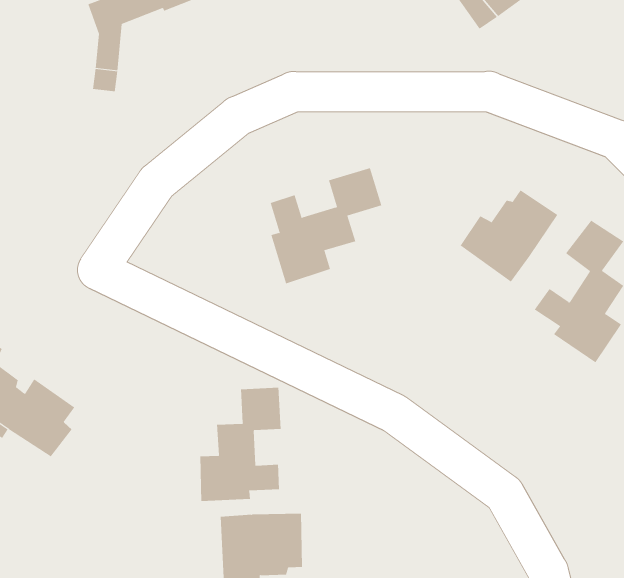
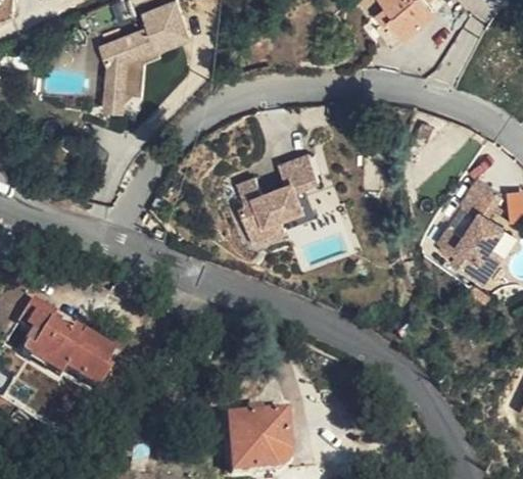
building: [460,190,558,283] -> none
building: [200,387,281,502] -> none

